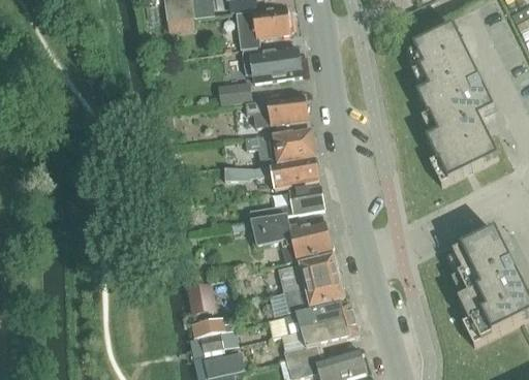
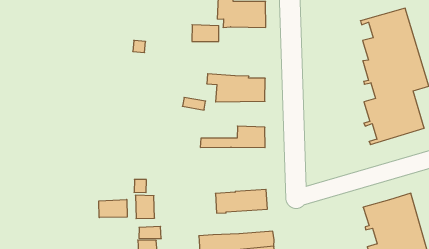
building: [246,96,311,134] -> none
building: [255,157,319,189] -> none
building: [252,215,333,262] -> none
building: [283,277,344,313] -> none
building: none -> [99,199,127,218]

